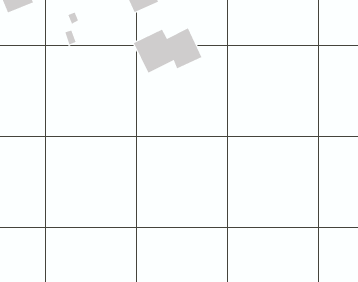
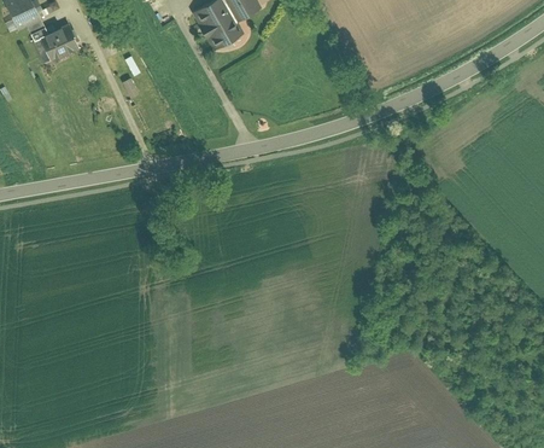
building: [133,28,202,74] -> none

